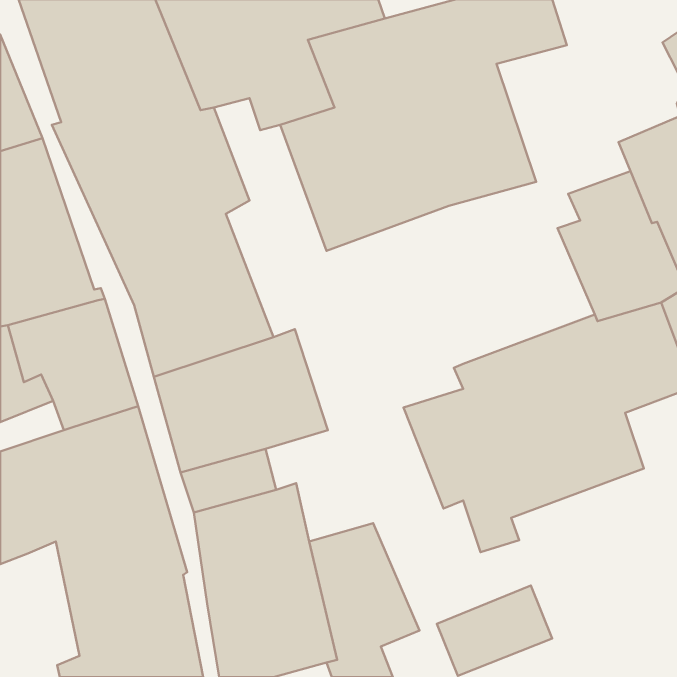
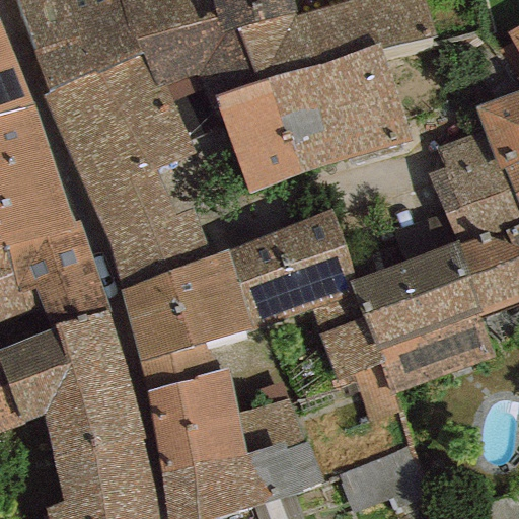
building: none -> [226,209,355,328]

